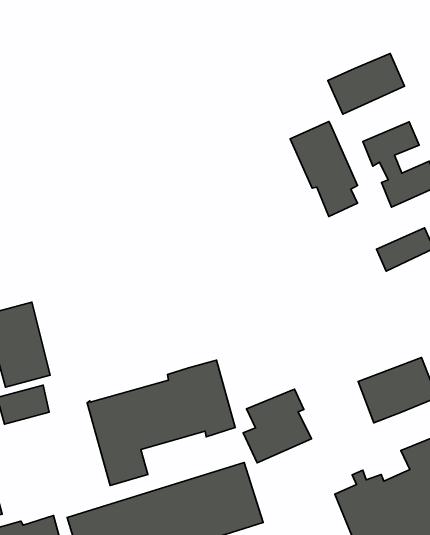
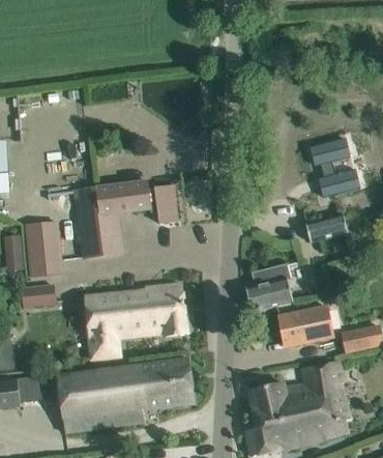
building: [328,54,404,114] -> none
building: [290,122,358,217] -> none
building: none -> [73,180,179,258]
building: [243,389,312,463] -> [245,263,293,311]

